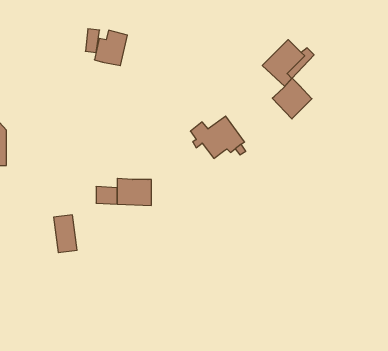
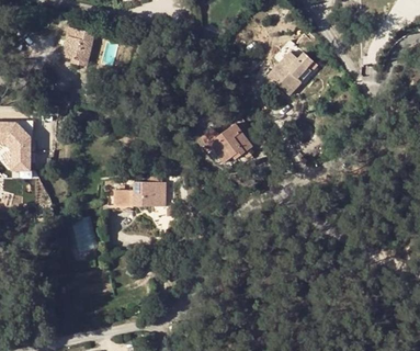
building: [94,30,127,66] -> [63,29,93,61]
building: [272,78,312,119] -> none

